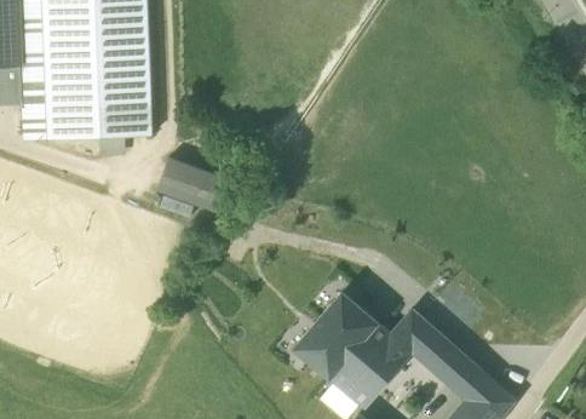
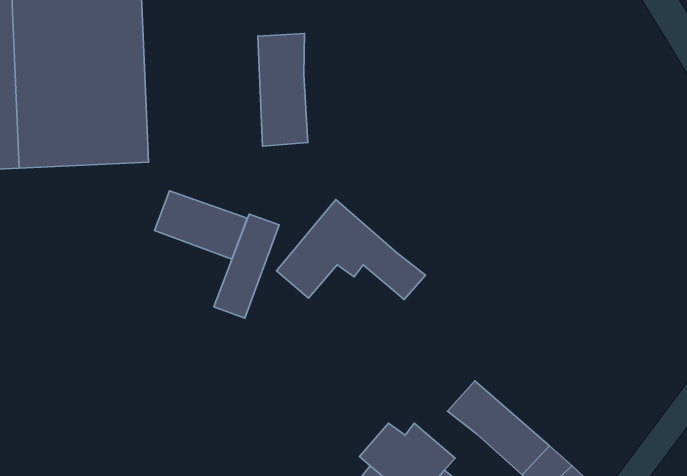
building: none -> [258,33,308,146]
building: none -> [214,214,279,318]
building: [294,292,413,372] -> [277,199,425,300]

